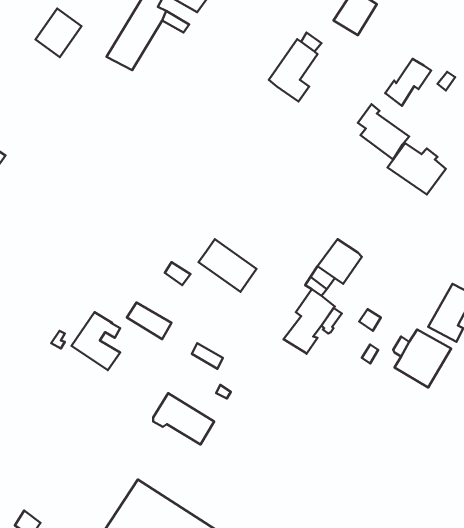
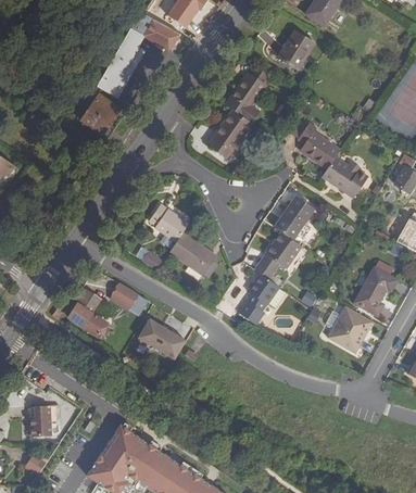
building: [35,8,81,57] -> [81,94,118,134]
building: [385,59,431,106] -> none
building: none -> [209,110,251,157]
building: none -> [274,197,313,243]
building: none -> [149,204,189,242]
building: [153,393,214,445] -> [138,318,187,359]
building: none -> [30,405,58,435]

